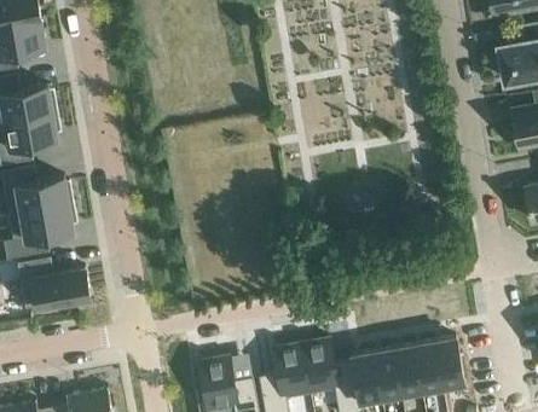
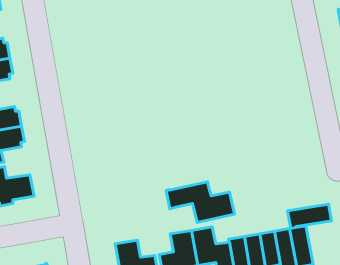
building: none -> [166,182,235,222]
building: none -> [288,204,331,228]

